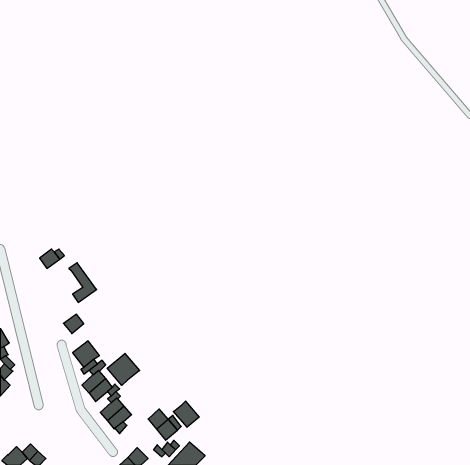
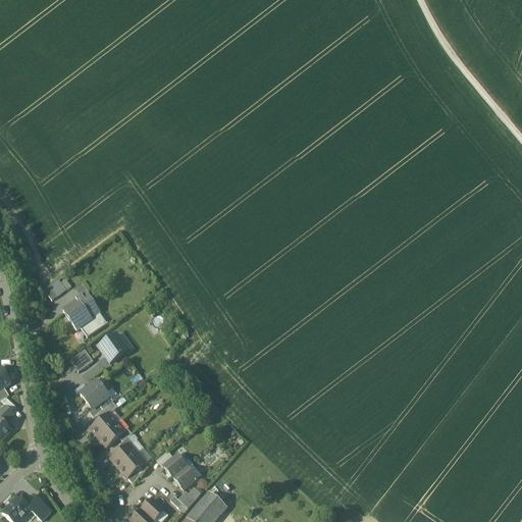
building: none -> [64,300,92,328]
building: none -> [99,331,129,362]
building: [107,353,140,385] -> none
building: [173,401,199,427] -> none

